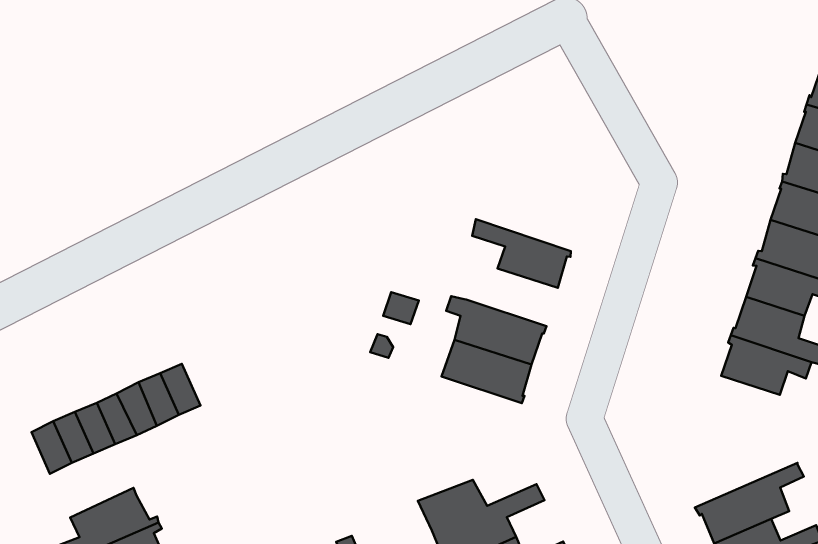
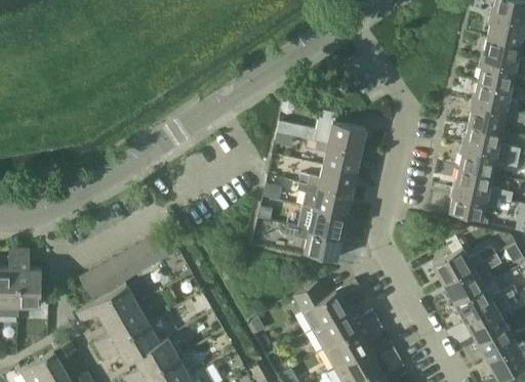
building: none -> [277,111,366,153]
building: none -> [308,166,357,195]
building: none -> [287,227,344,260]
building: none -> [433,247,496,285]
building: none -> [78,283,137,324]

